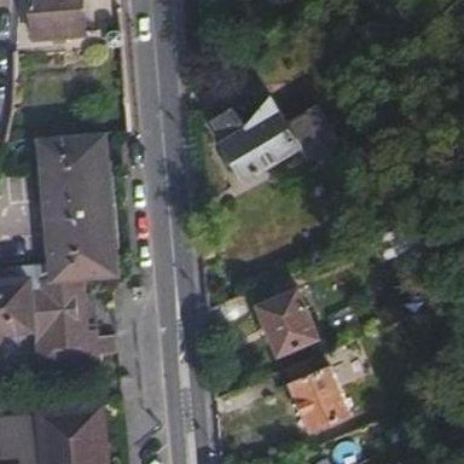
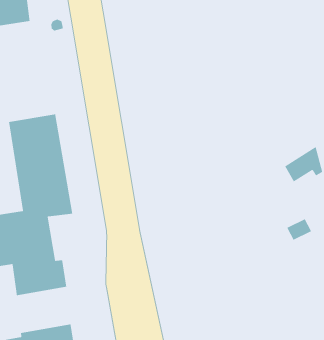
building: [211,102,335,180] -> none
building: [257,290,318,356] -> none
building: [285,355,348,430] -> none

